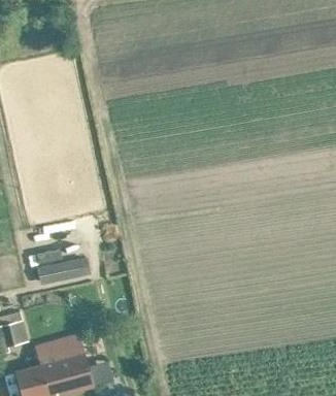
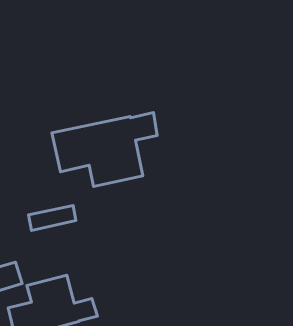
building: none -> [52,113,157,187]

